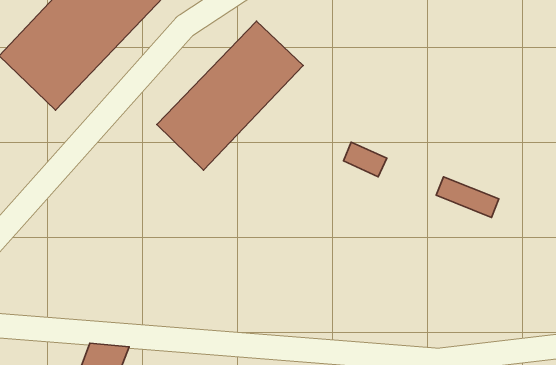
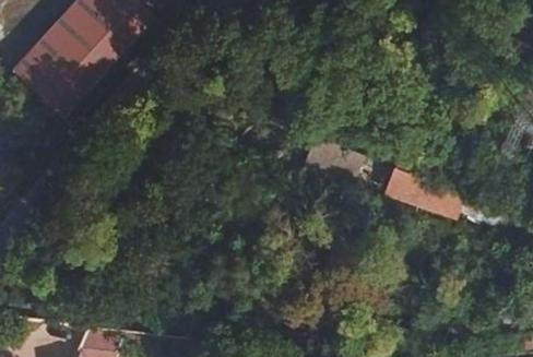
building: [157,21,303,170] -> none

